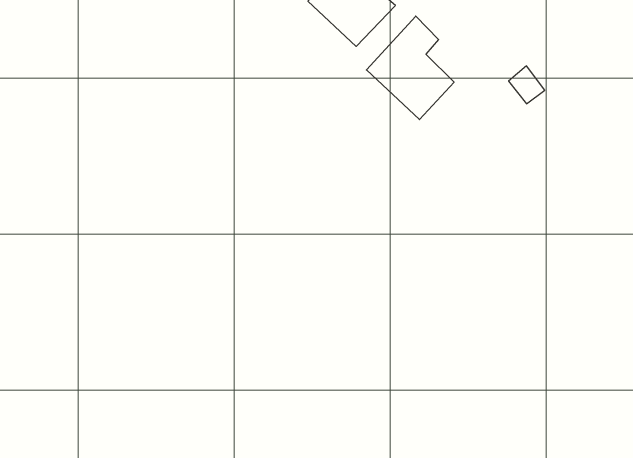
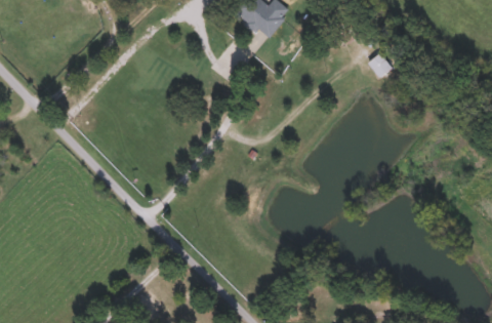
building: [366,16,454,120] -> none

